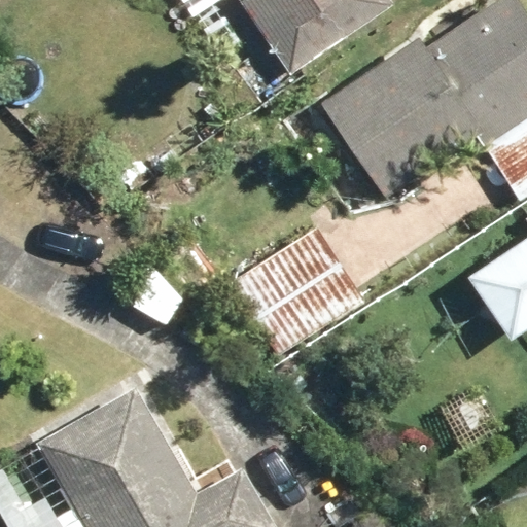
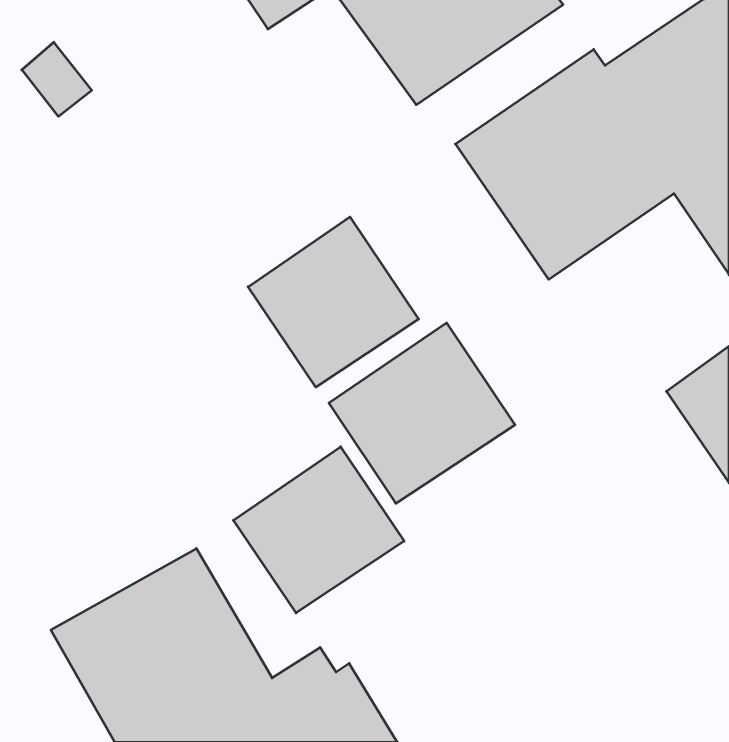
building: none -> [248,217,419,387]
building: none -> [233,447,404,613]

